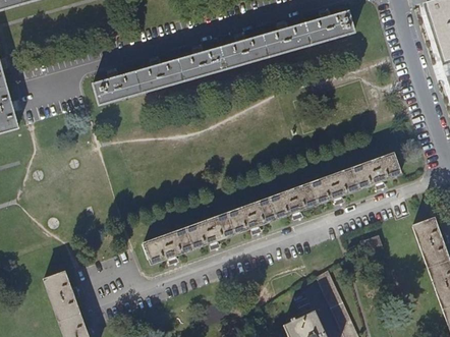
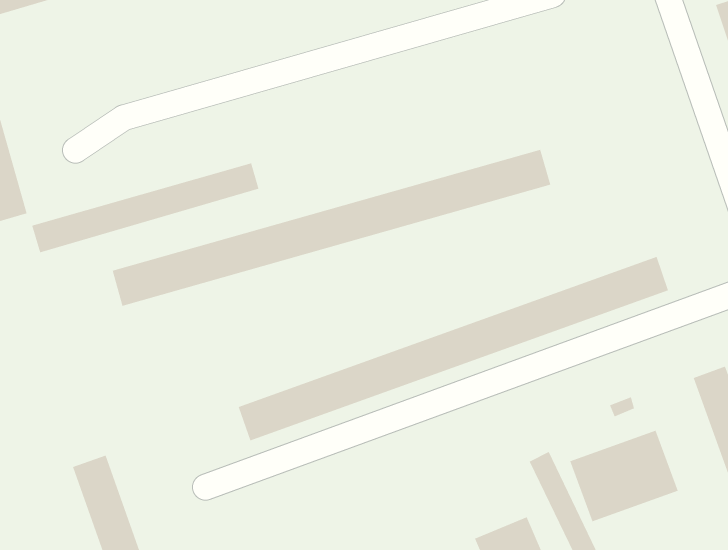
building: [93,11,354,105] -> [112,149,551,306]
building: none -> [31,162,259,253]
building: none -> [569,430,678,522]

